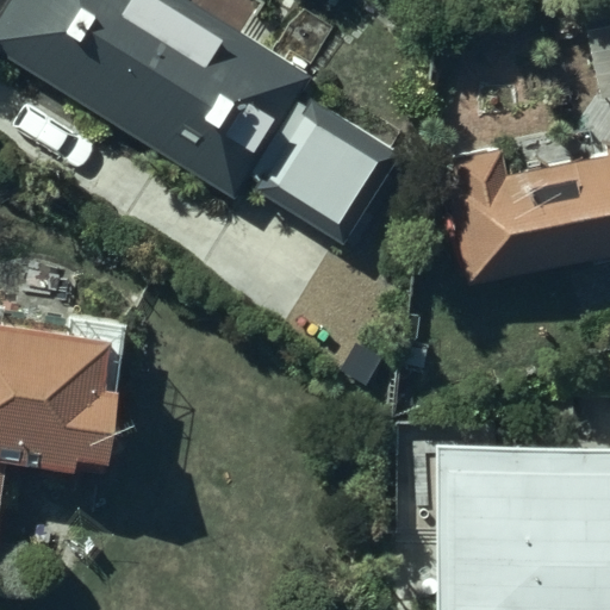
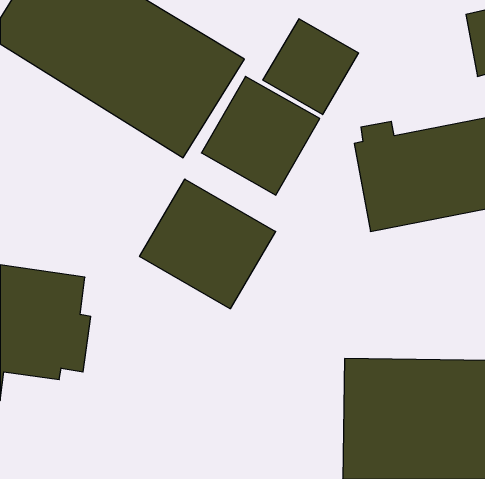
building: none -> [263,19,359,115]
building: none -> [140,179,276,309]

